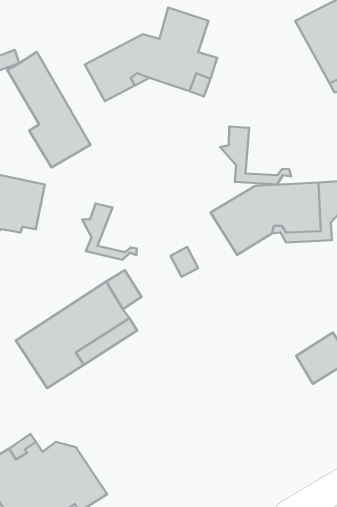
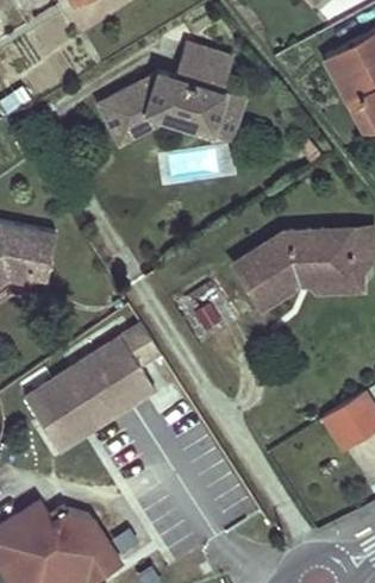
building: [7,52,91,168] -> none
building: [220,126,291,185] -> none
building: [82,203,137,260] -> none

